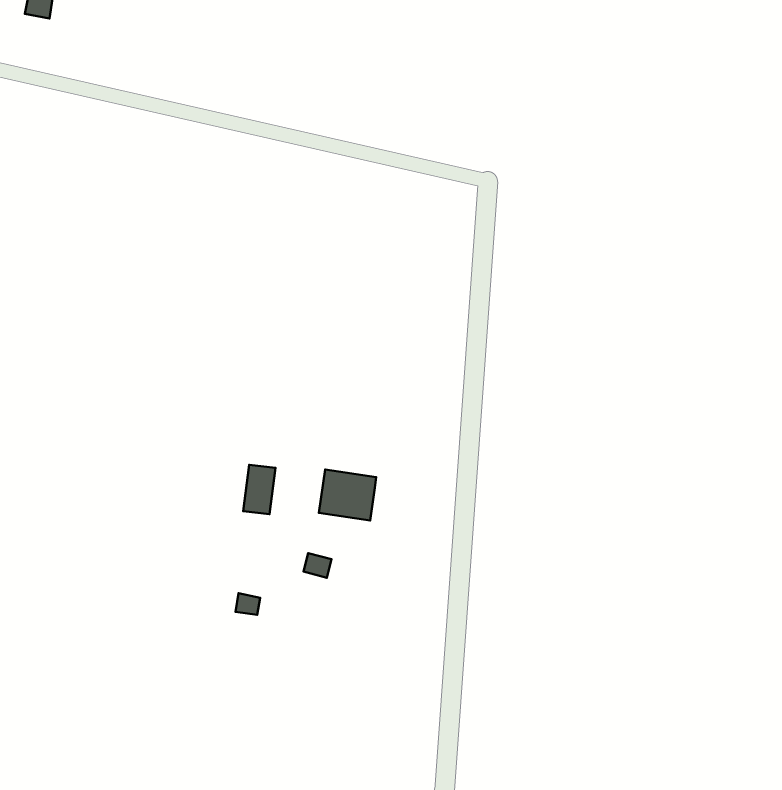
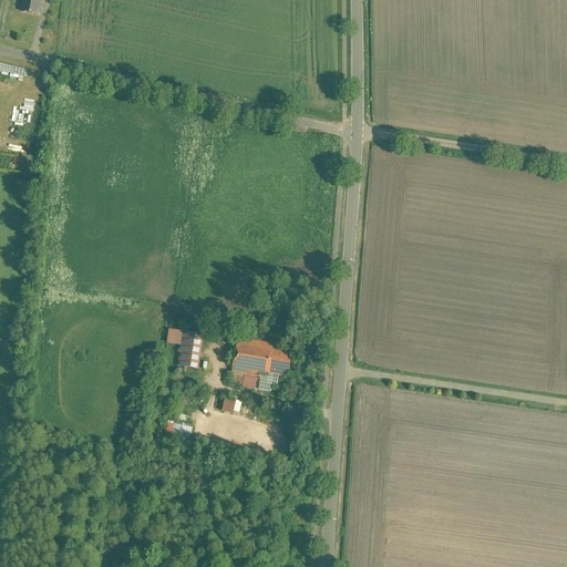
building: none -> [265,349,287,375]

